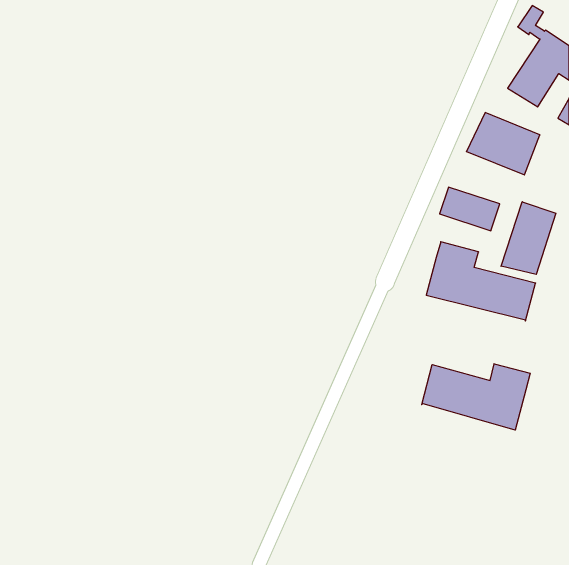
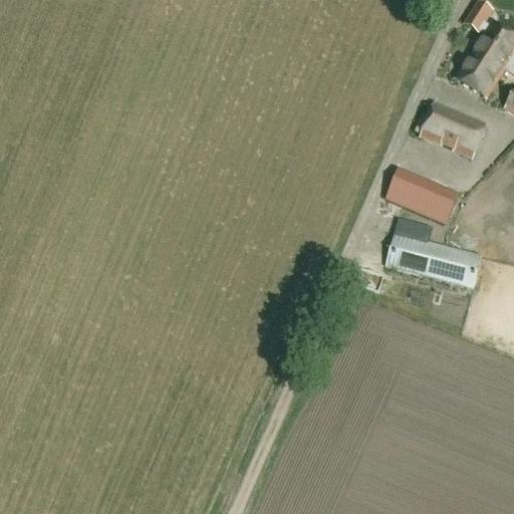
building: [501,202,556,274] -> none
building: [422,364,530,430] -> none

